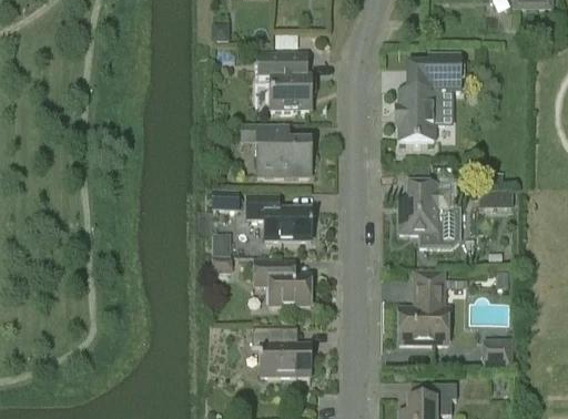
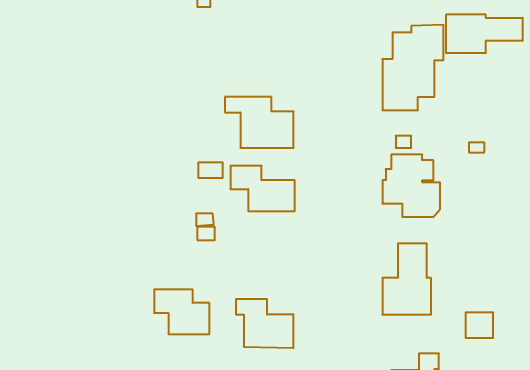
building: none -> [446,14,523,53]
building: [258,52,312,110] -> none
building: [255,260,311,305] -> [154,290,209,334]

